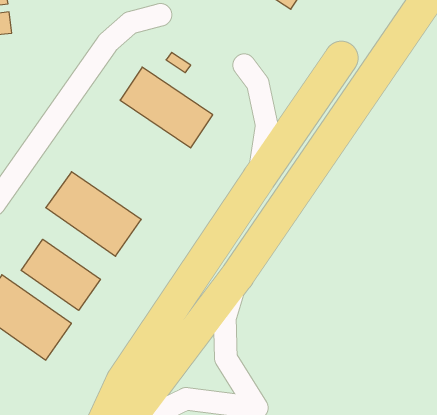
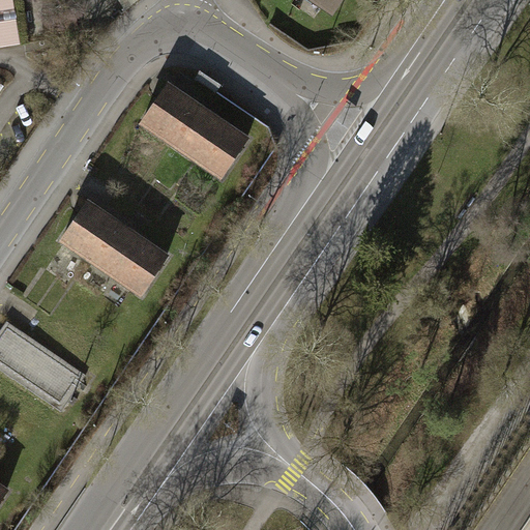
building: [21,239,100,310] -> none

